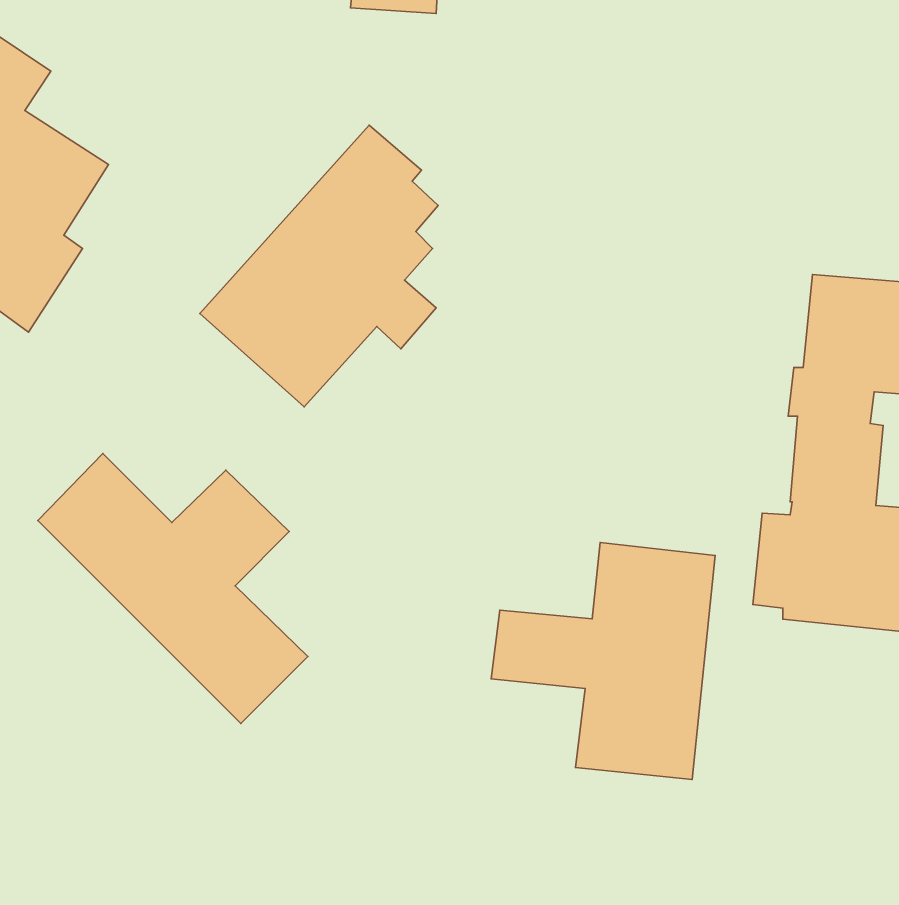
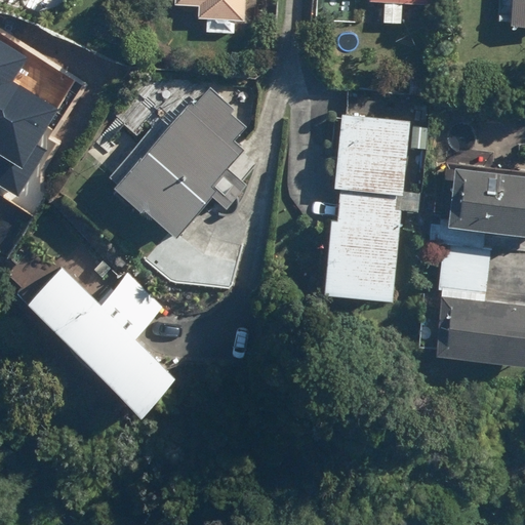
building: none -> [323,115,410,301]
building: [491,543,715,780] -> none

